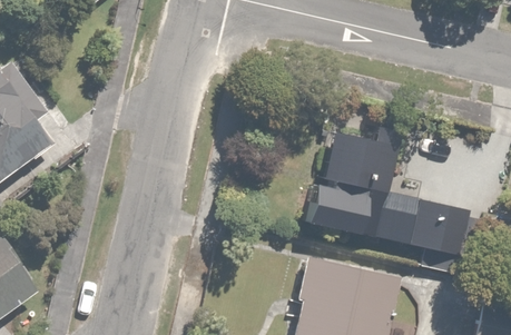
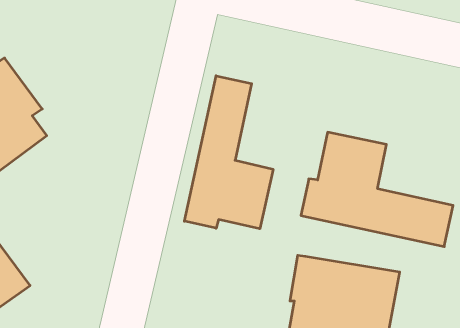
building: none -> [184,76,273,229]

